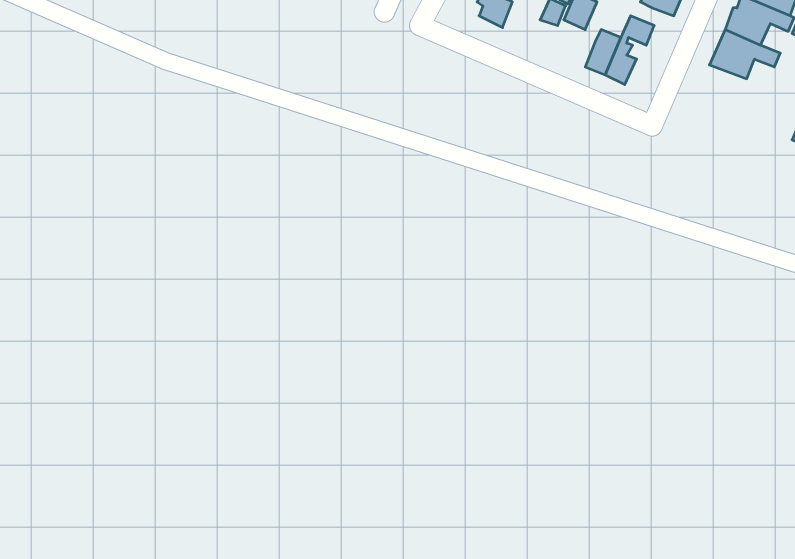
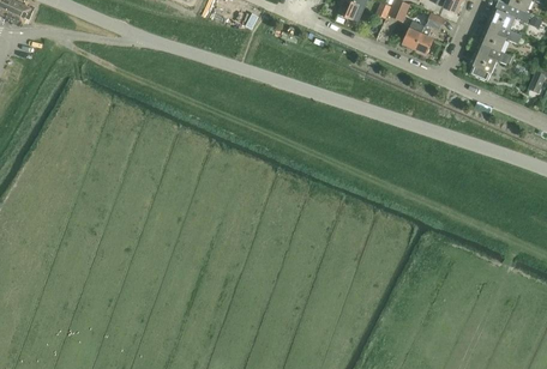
building: none -> [469,42,512,81]

